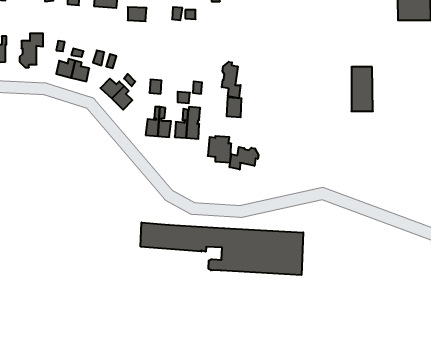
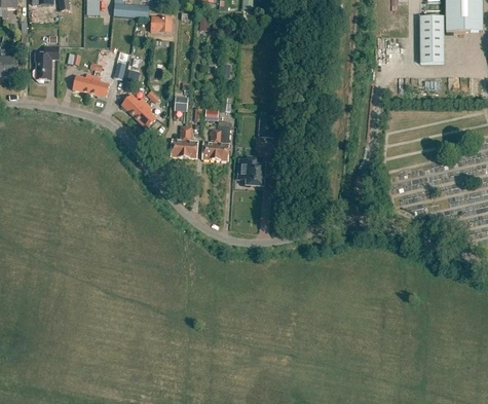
building: [222,62,241,98] -> none
building: [351,67,373,111] -> [420,14,444,63]
building: [230,147,258,170] -> none
building: [141,222,303,275] -> none

